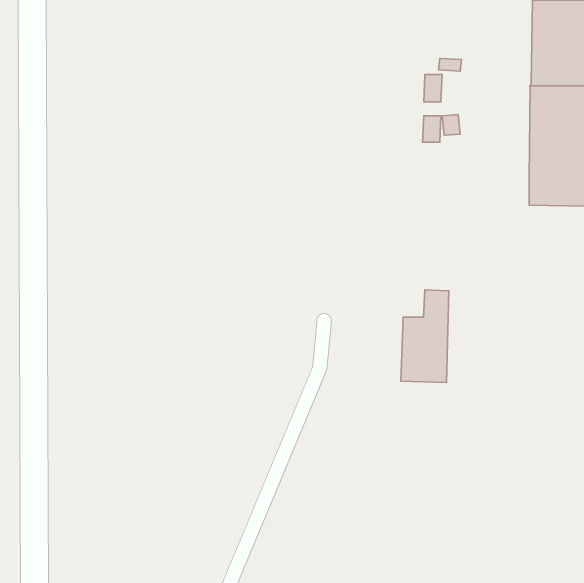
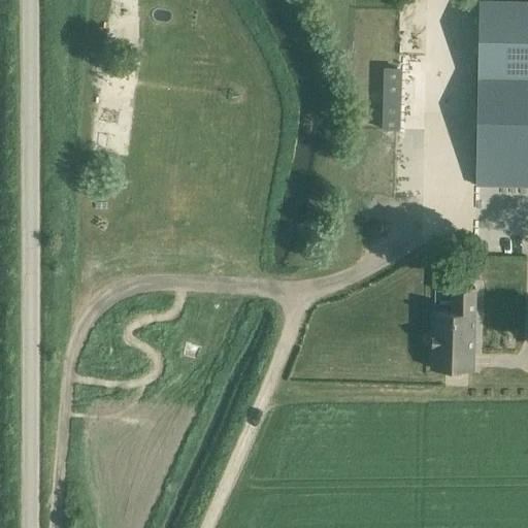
building: [401,290,449,382] -> [432,288,475,371]

